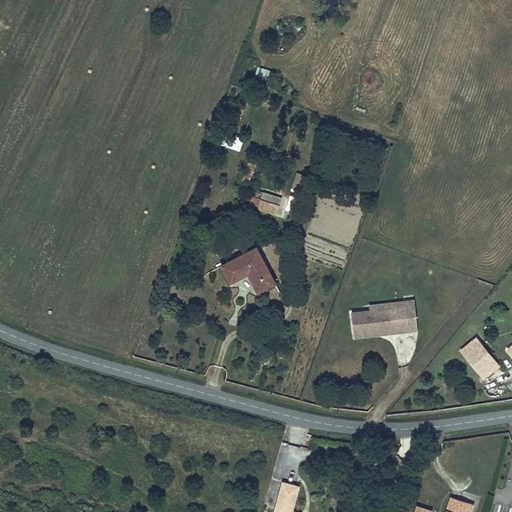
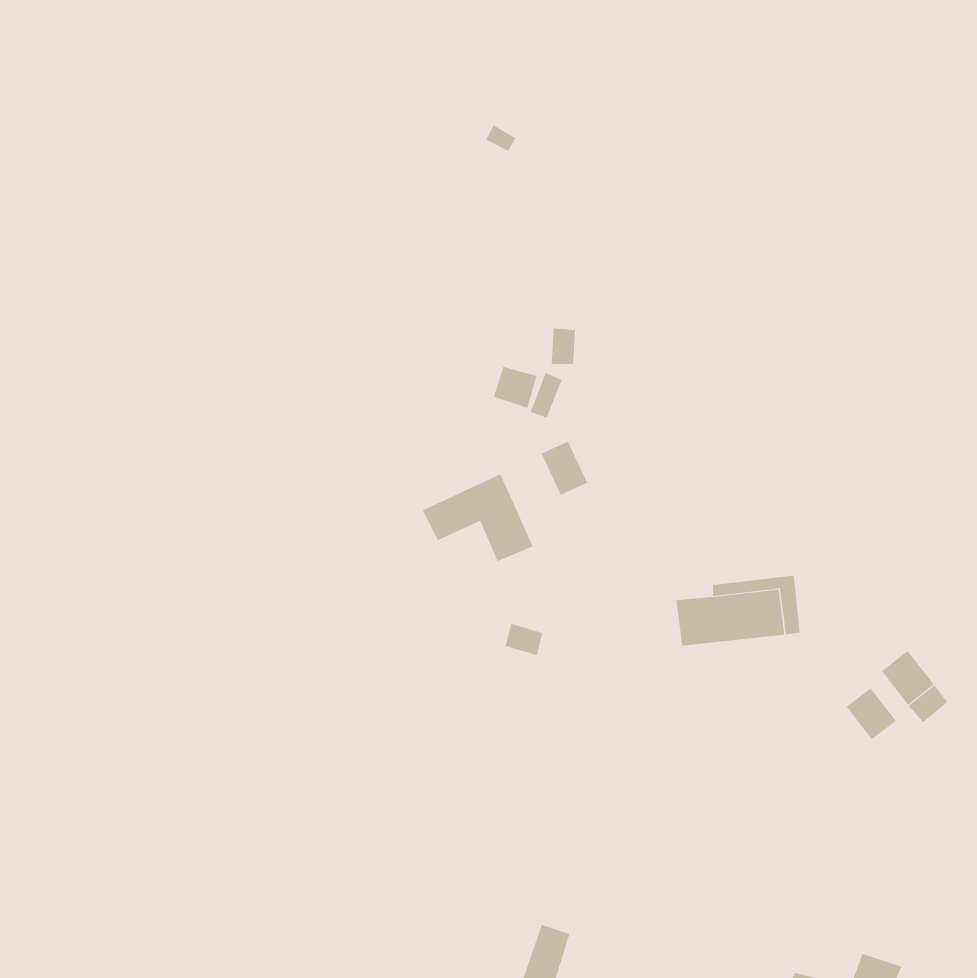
building: none -> [541,441,588,496]
building: none -> [846,688,897,740]

